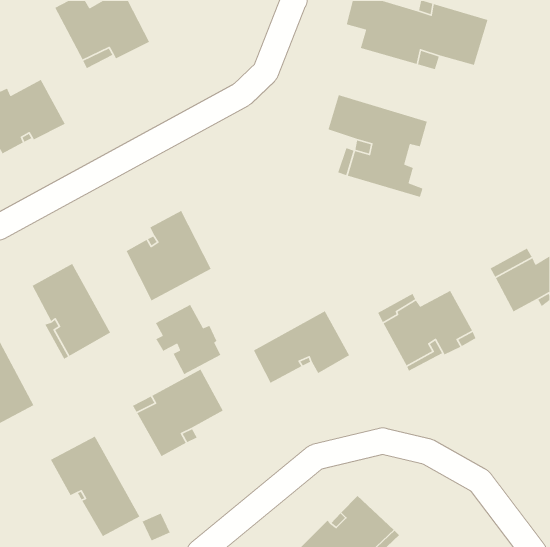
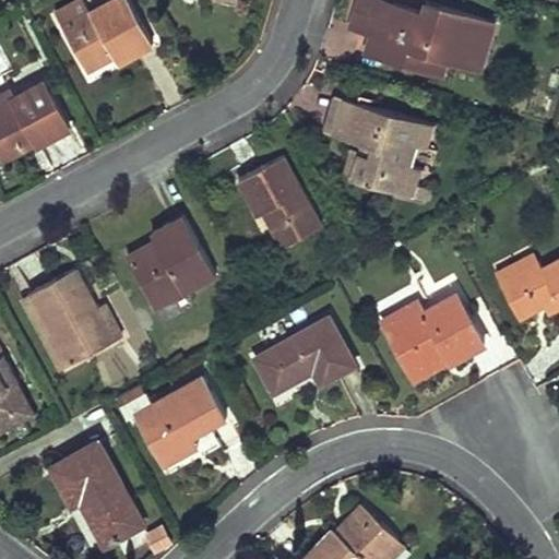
building: none -> [238,158,321,248]
building: [155,304,221,375] -> none

